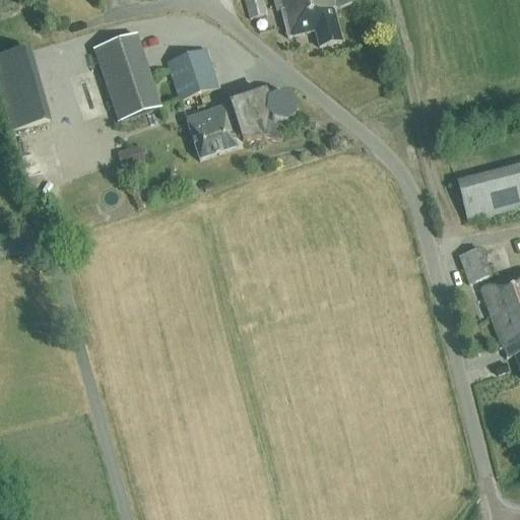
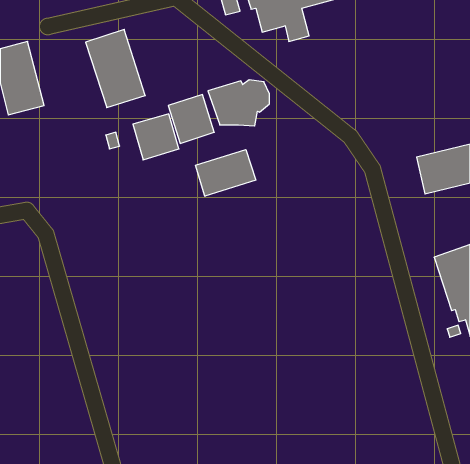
building: [168,48,218,99] -> [133,114,179,160]
building: none -> [196,150,256,196]
building: [461,250,493,282] -> none

